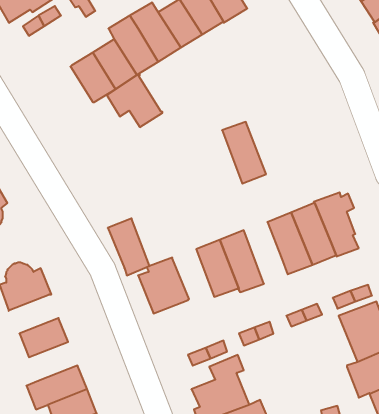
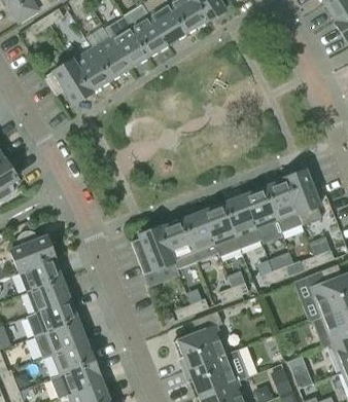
building: [107,74,162,127] -> [44,59,93,105]
building: [222,122,266,184] -> [222,195,260,249]
building: [108,218,149,275] -> [161,219,197,268]
building: none -> [20,258,62,292]
building: none -> [26,299,78,337]

